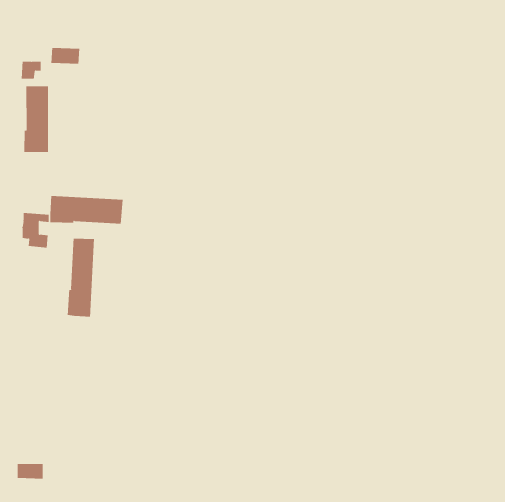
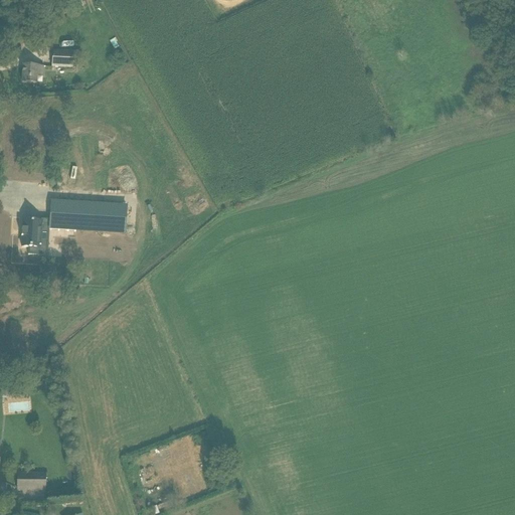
building: [24,85,48,153] -> none
building: [67,238,95,317] -> none

